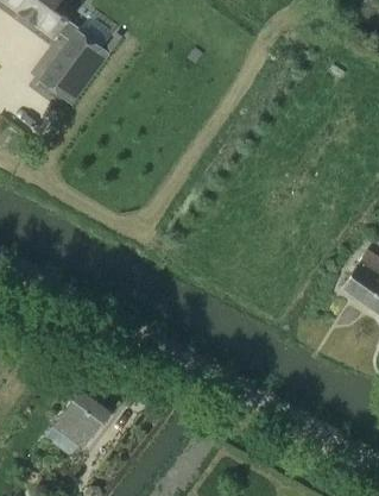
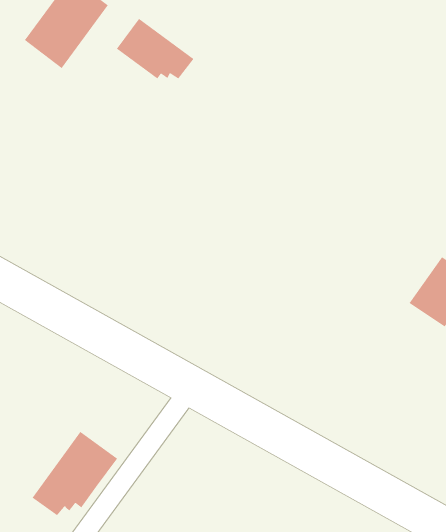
building: none -> [116,18,194,80]

